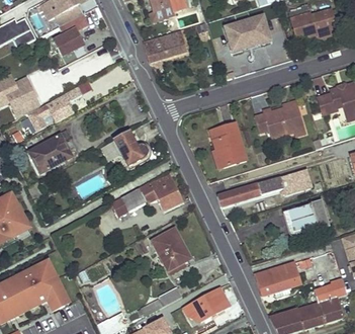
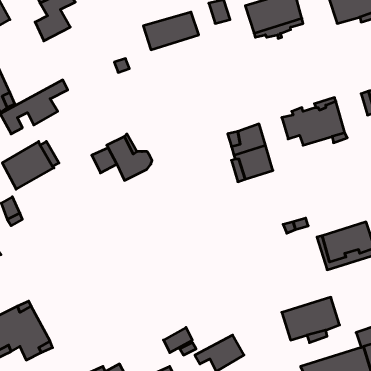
building: [216,169,312,206] -> none
building: [112,173,182,216] -> none
building: [152,229,190,273] -> none

